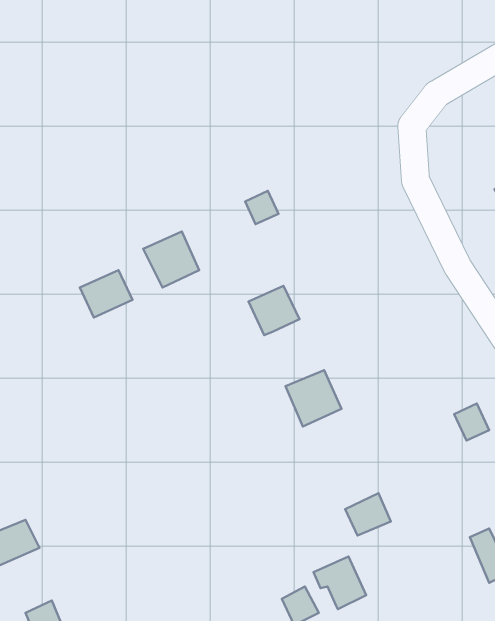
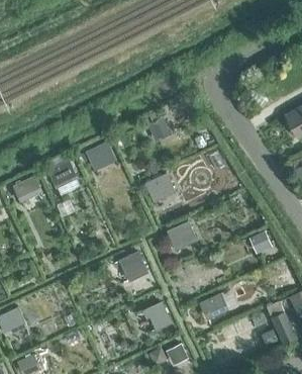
building: none -> [11,174,43,203]
building: none -> [118,249,148,281]
building: [313,556,366,609] -> [142,301,173,332]

